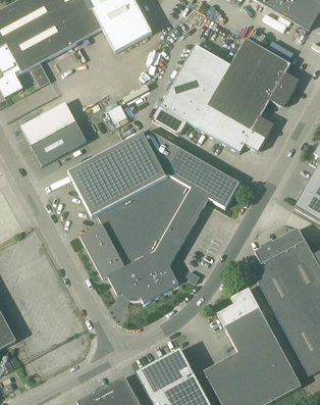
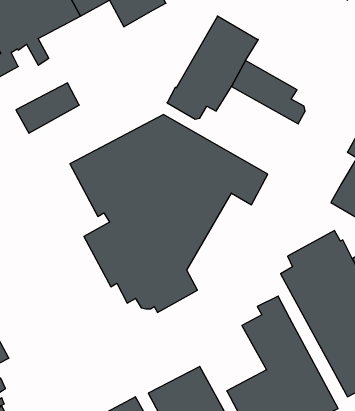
building: [220,38,298,108] -> none
building: [195,105,266,152] -> none
building: [32,121,87,165] -> none

